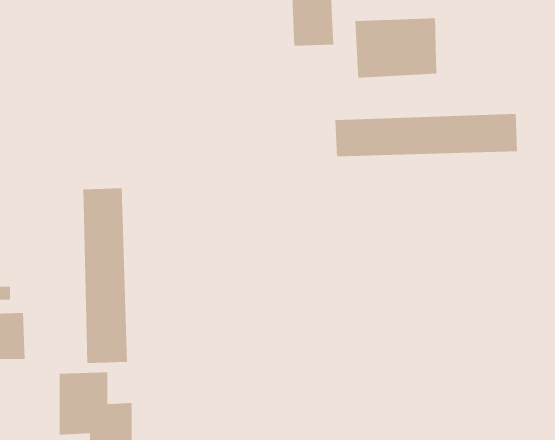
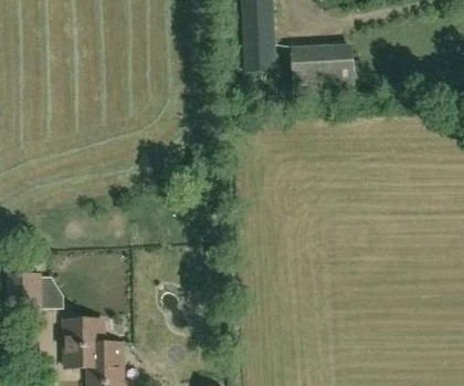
building: [335,113,518,157] -> none
building: [83,188,128,364] -> none

